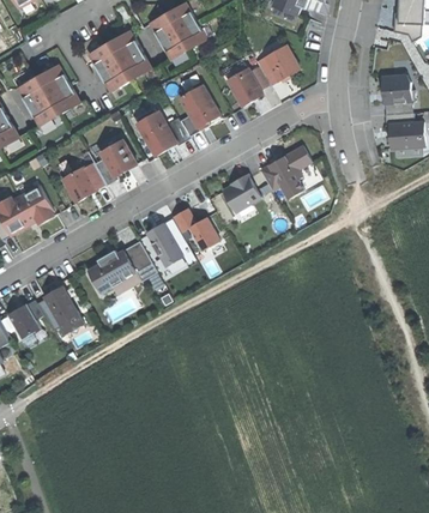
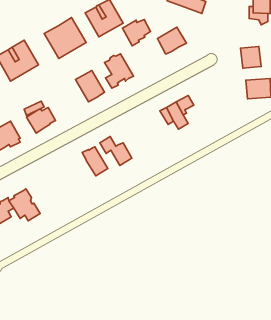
building: [228,66,270,105] -> [122,19,151,46]
building: [95,139,137,185] -> none
building: [222,174,261,213] -> none
building: [86,242,156,292] -> none

